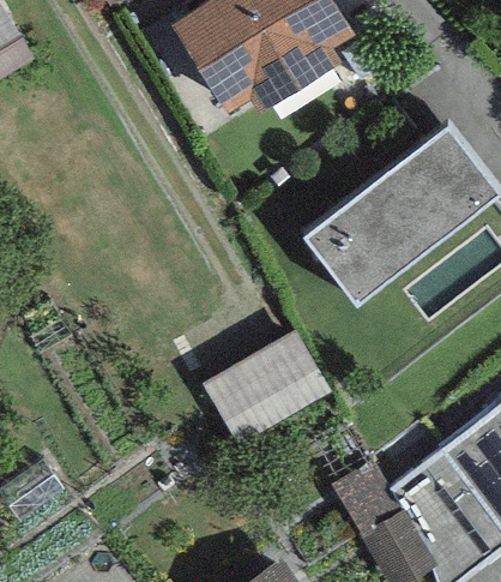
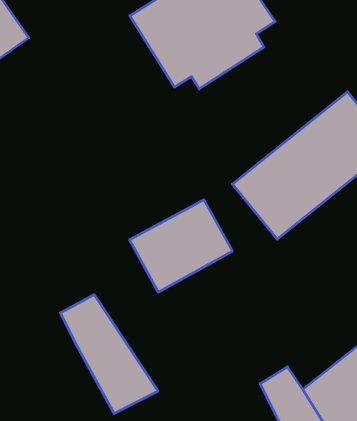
building: [213,331,343,448] -> [130,200,232,292]
building: none -> [60,295,158,414]

